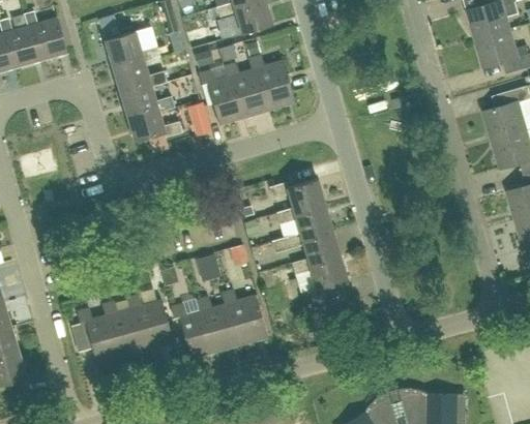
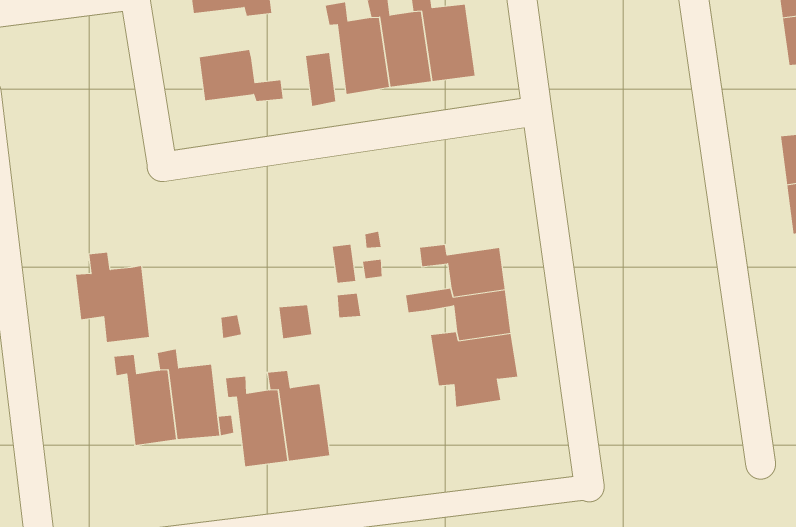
building: [119,82,174,116] -> none
building: [269,178,325,213] -> none
building: [222,290,267,344] -> none
building: [71,308,122,363] -> [75,252,150,343]

